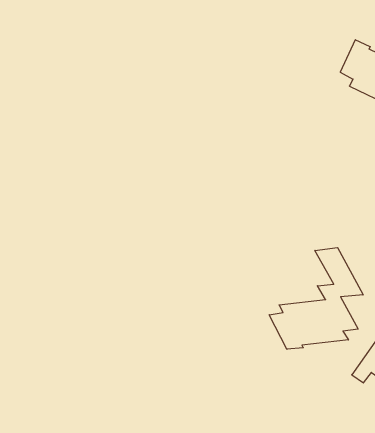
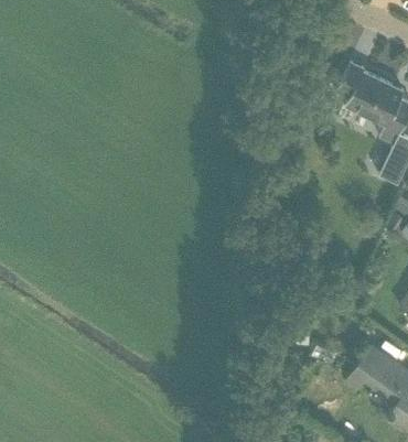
building: [269,248,363,349] -> none

